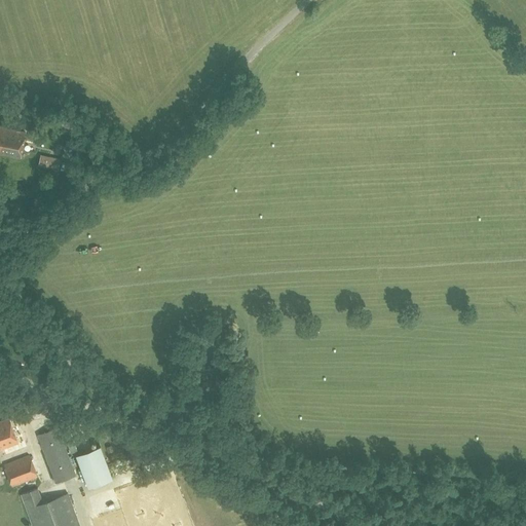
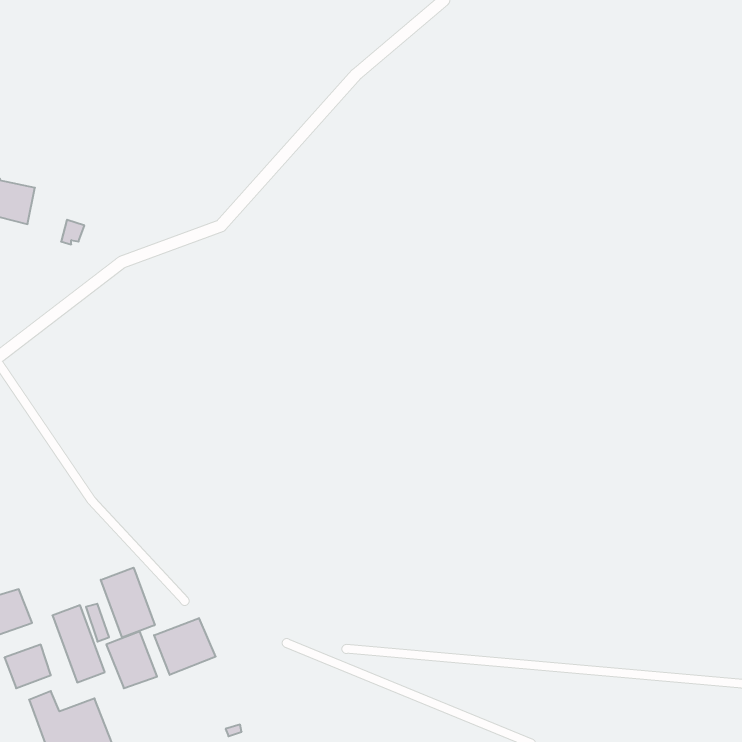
building: none -> [101,568,155,637]
building: none -> [154,618,216,675]

